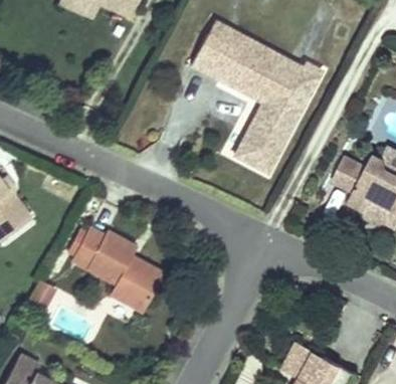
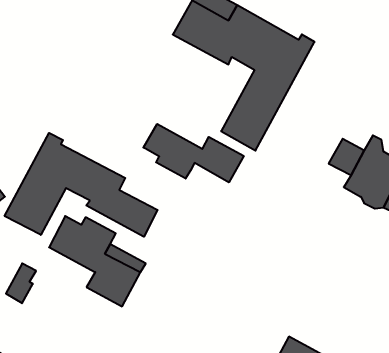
building: none -> [143,124,244,182]
building: none -> [5,133,158,237]

